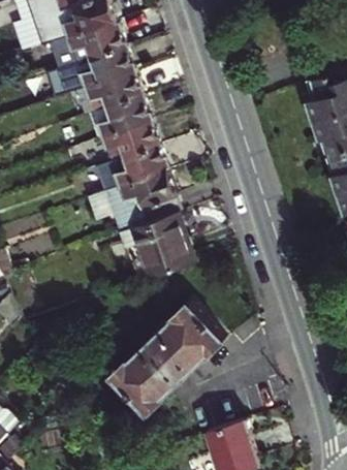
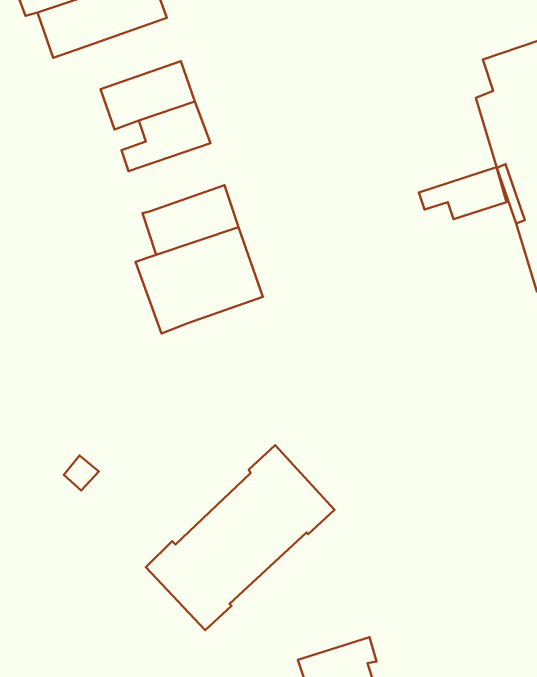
building: [61,53,132,101] -> none
building: [101,127,158,167] -> none
building: none -> [419,167,507,219]
building: [133,218,197,284] -> none

